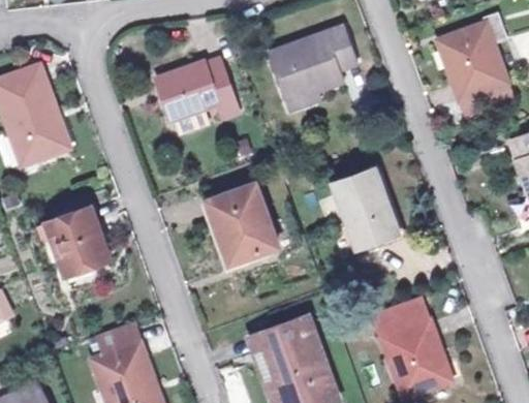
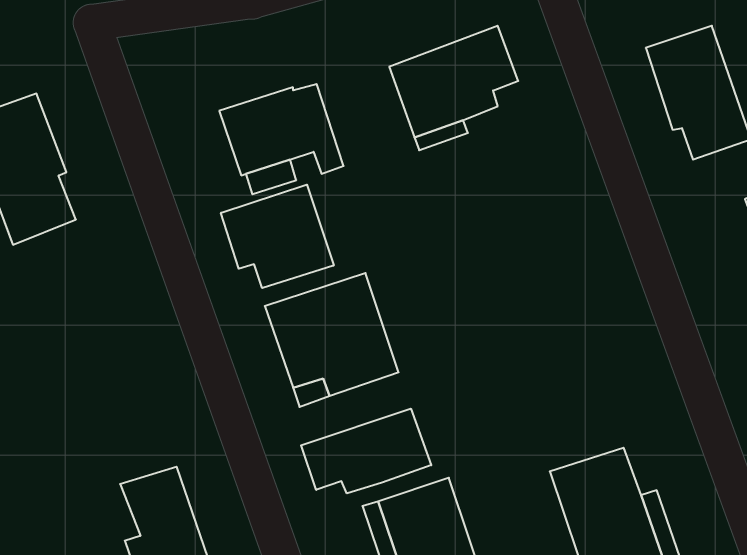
building: none -> [221,185,334,288]
building: [345,166,408,243] -> none
building: [44,204,108,275] -> none
building: none -> [301,409,431,493]

